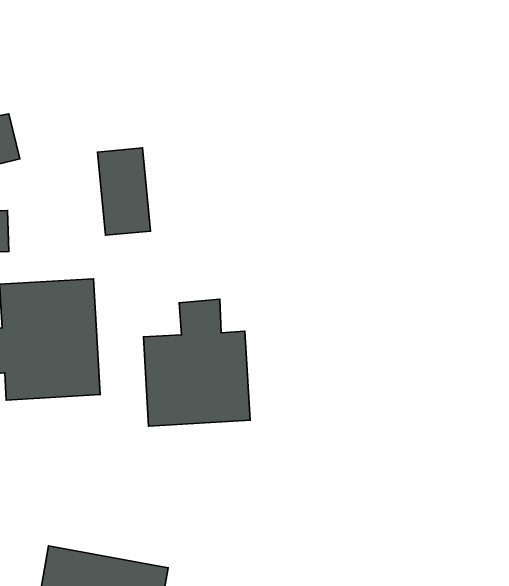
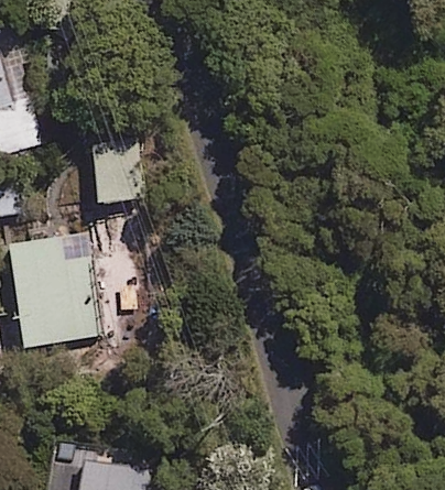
building: [143,299,250,426] -> none

